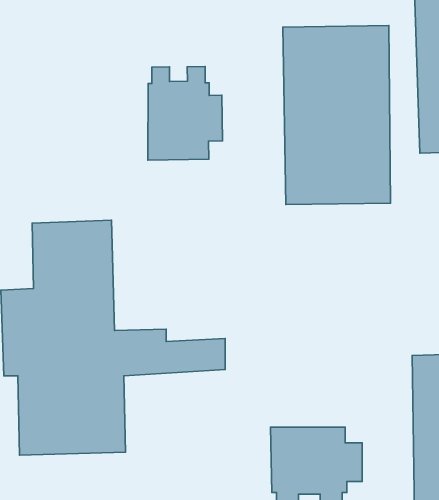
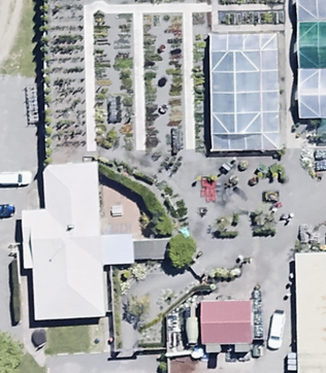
building: [148,66,223,160] -> none

